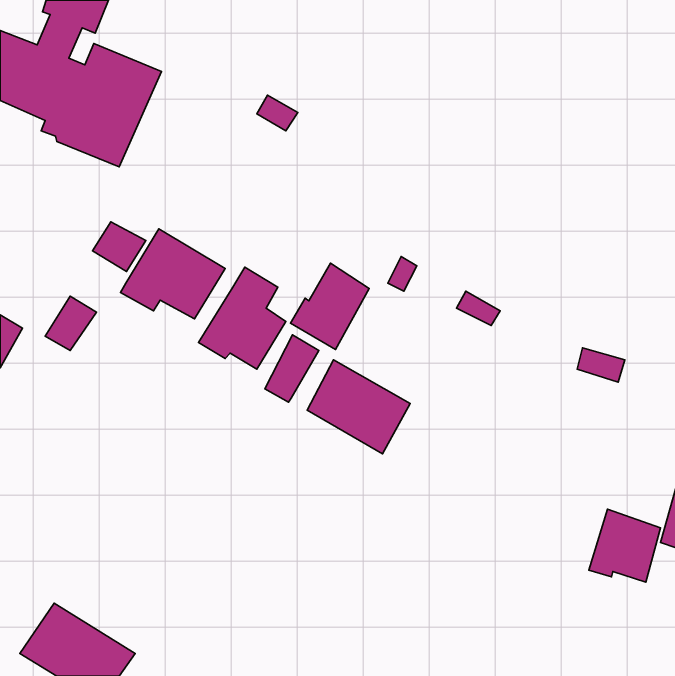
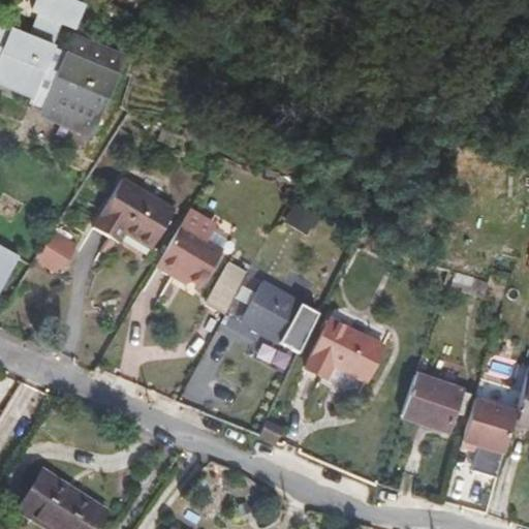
building: [92,222,146,271] -> none
building: [290,263,369,350] -> none
building: none -> [308,319,383,395]
building: none -> [402,375,463,434]

